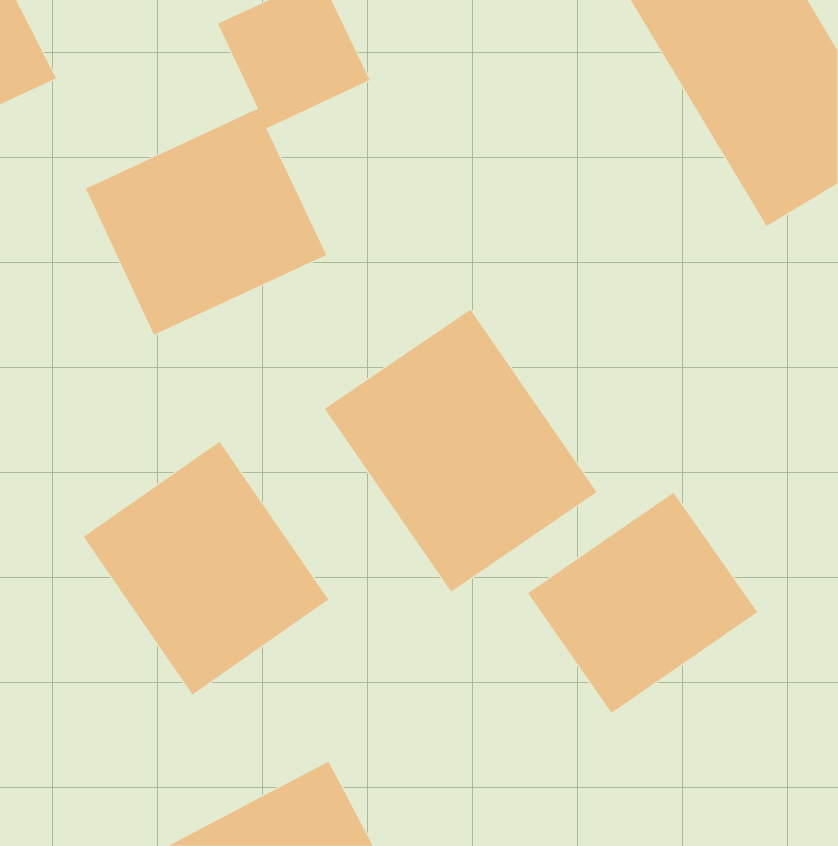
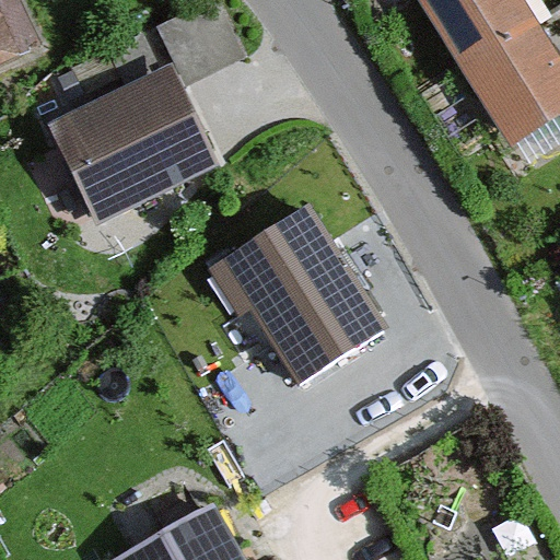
building: [83,441,329,695] -> none
building: [527,492,758,714] -> none

